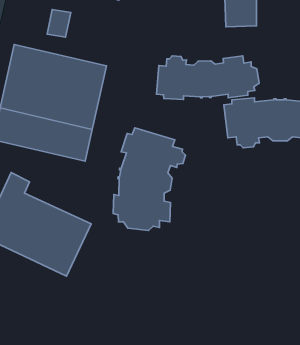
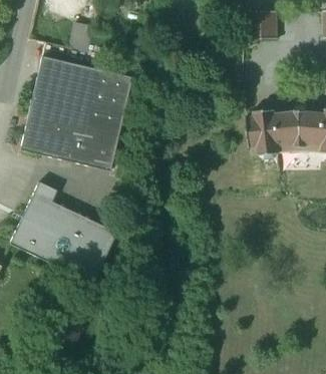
building: [156,56,259,99] -> none
building: [113,128,185,231] -> none

